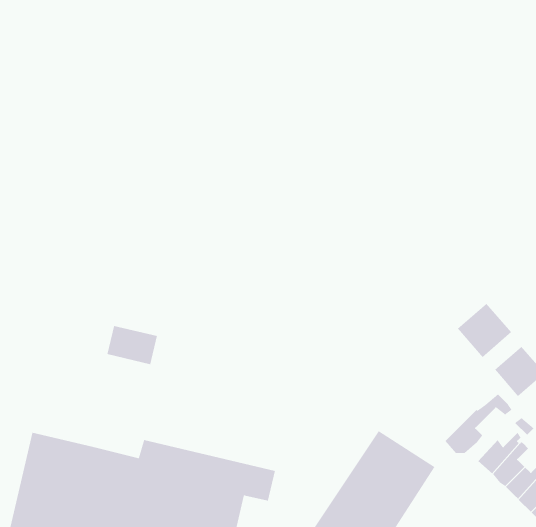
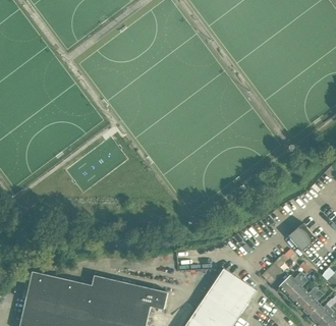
building: [457,303,512,358] -> none
building: [106,325,158,365] -> none

